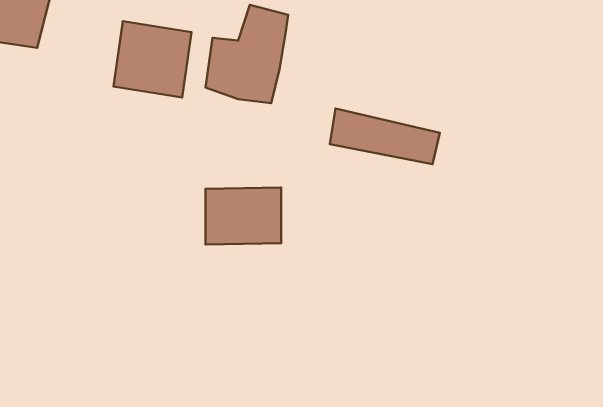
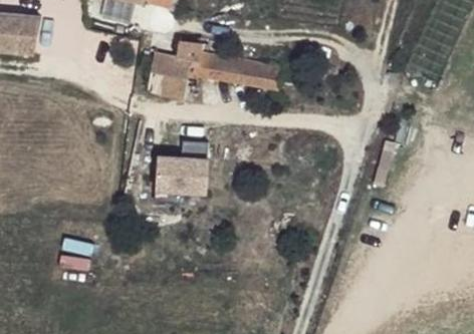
building: [114,21,192,98] -> none
building: [330,109,440,164] -> [203,49,280,88]

